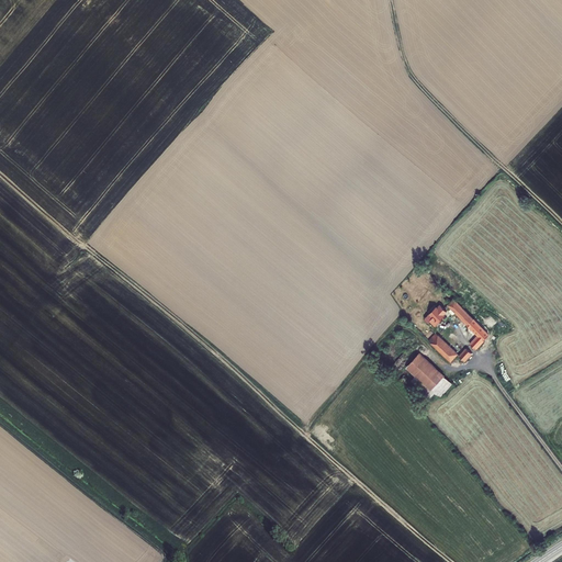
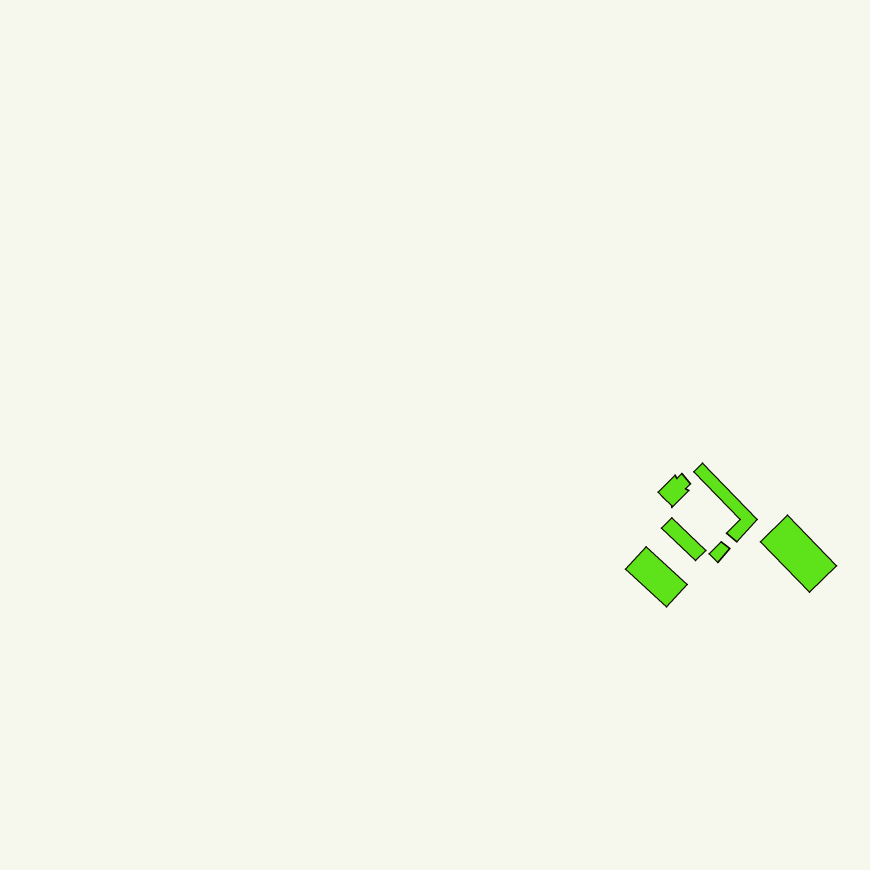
building: none -> [760,515,836,592]

